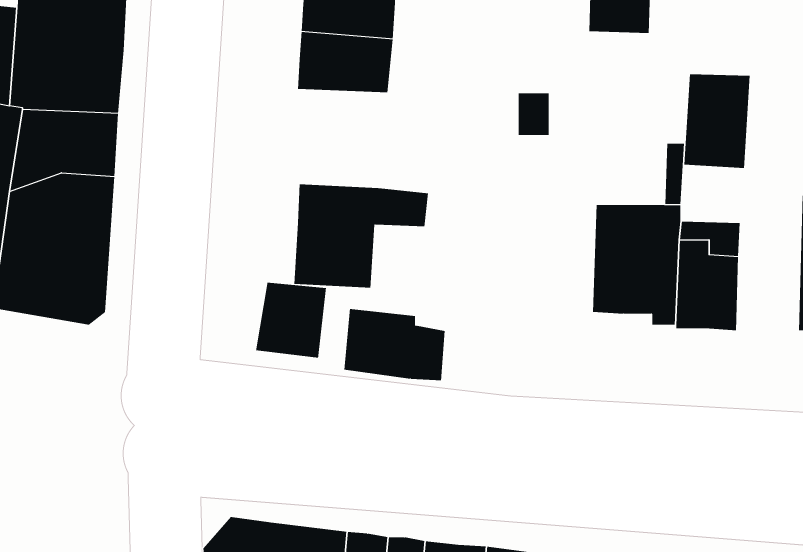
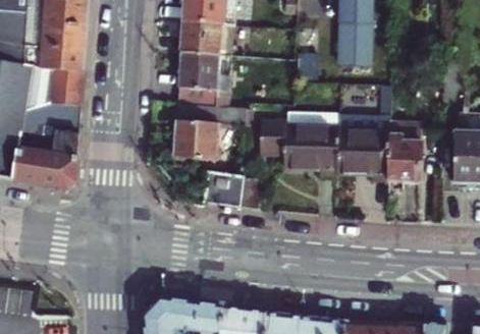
building: [684,74,750,168] -> [340,25,377,77]
building: none -> [180,57,233,107]
building: none -> [266,116,348,181]
building: [255,282,326,358] -> none

